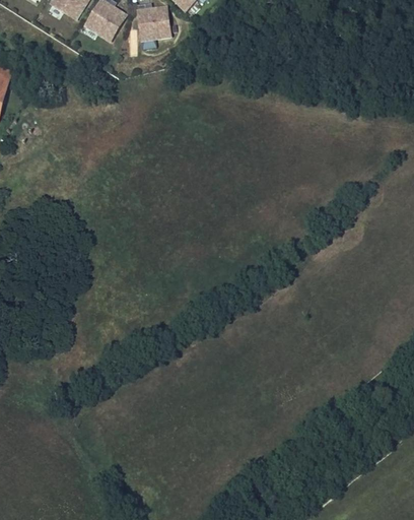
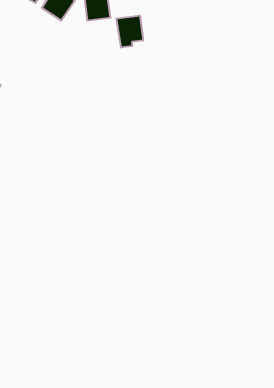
building: none -> [117,15,143,48]

